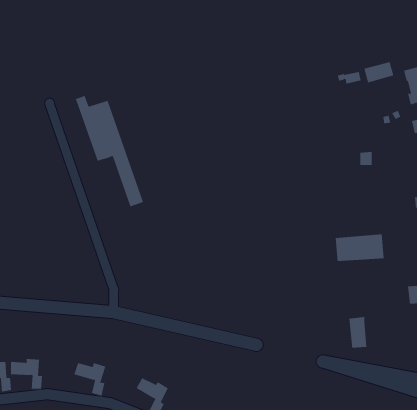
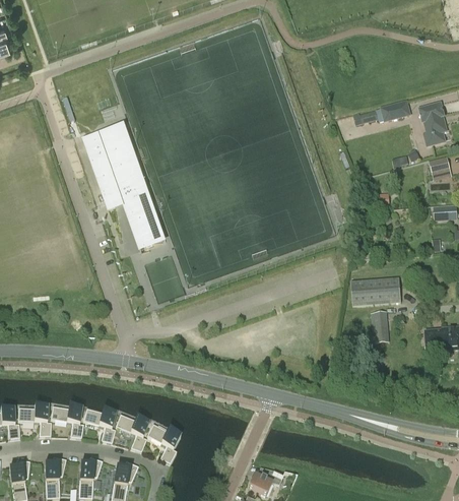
building: none -> [93,124,167,244]
building: [348,317,367,348] -> [369,310,388,342]
building: none -> [49,405,82,438]
building: none -> [114,415,147,451]

